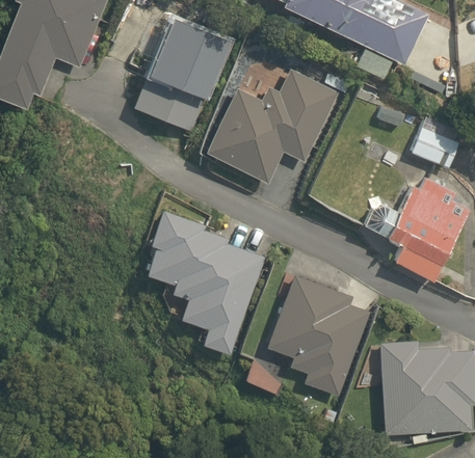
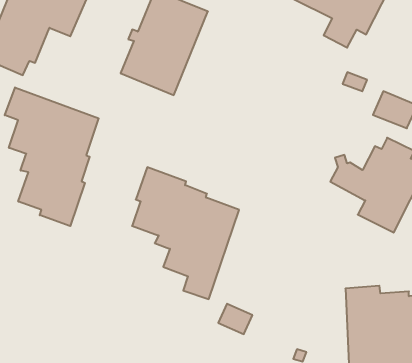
building: [207,70,339,184] -> none
building: none -> [5,87,99,226]
building: [267,273,371,396] -> none

